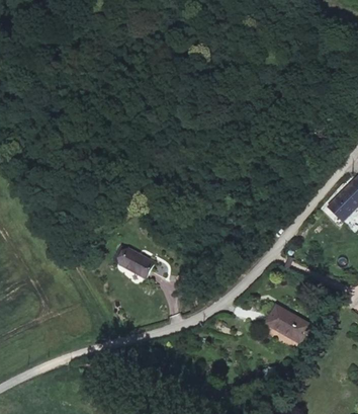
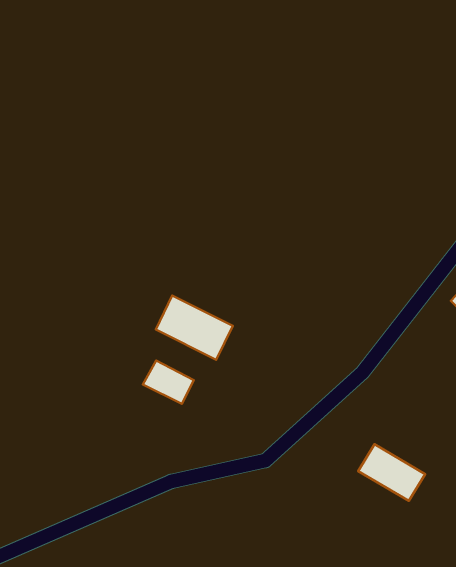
building: none -> [156,295,233,360]

